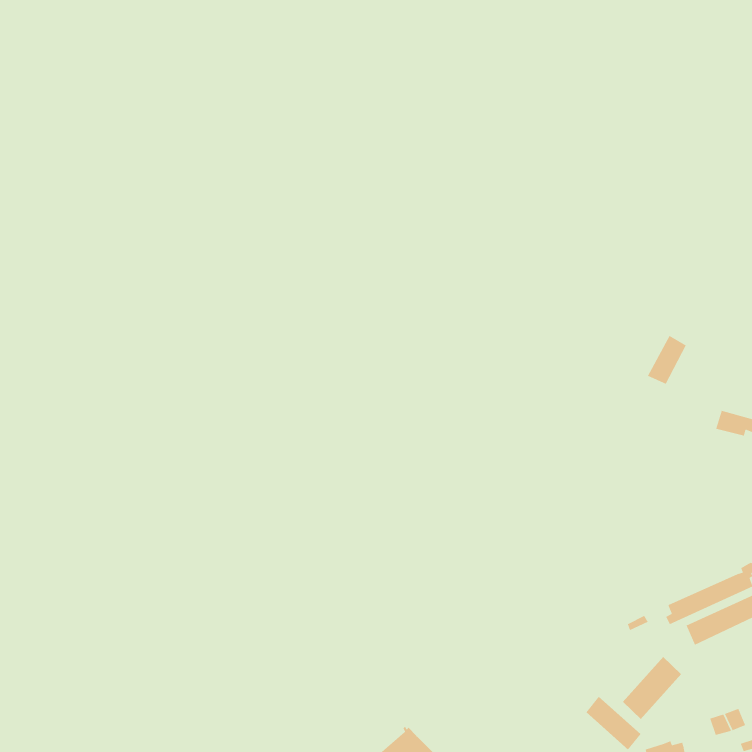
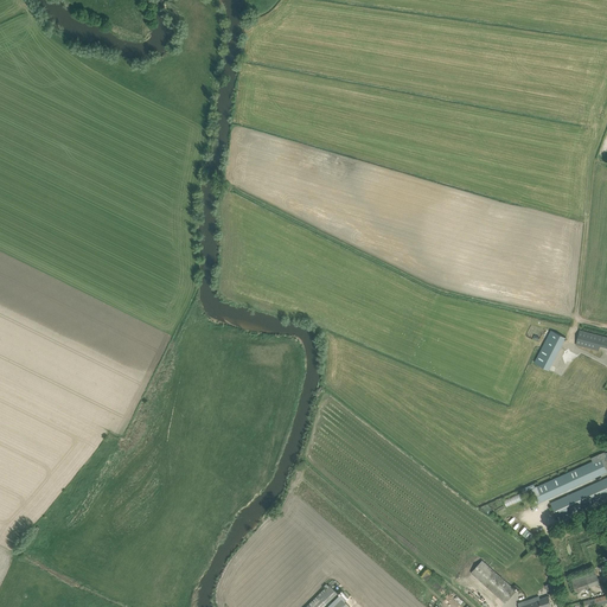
building: [647,335,687,385] -> [535,331,567,371]
building: [622,656,682,720] -> none

